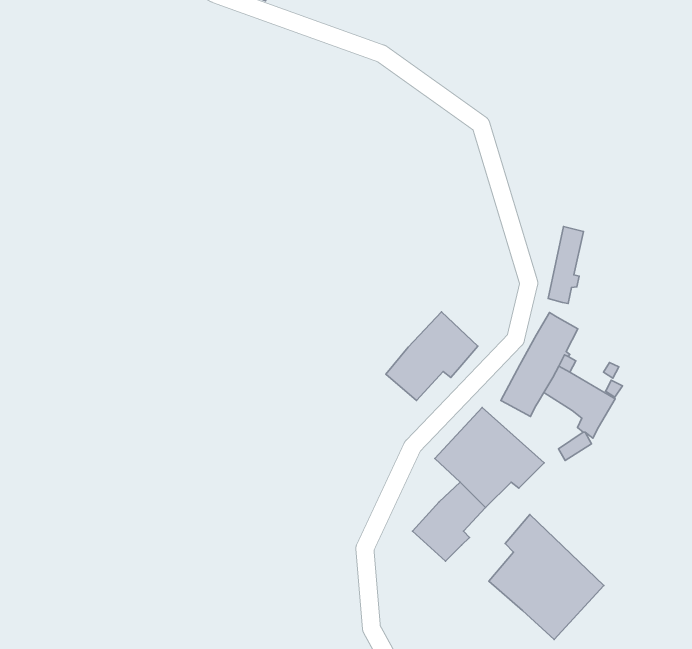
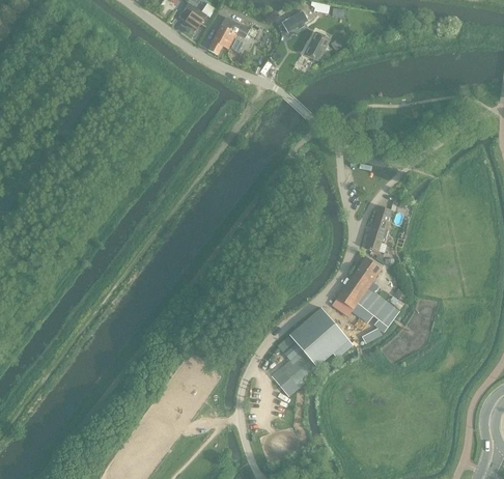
building: [386,312,478,401] -> none
building: [489,514,604,640] -> none

